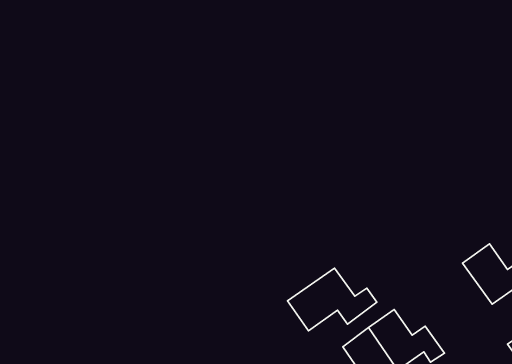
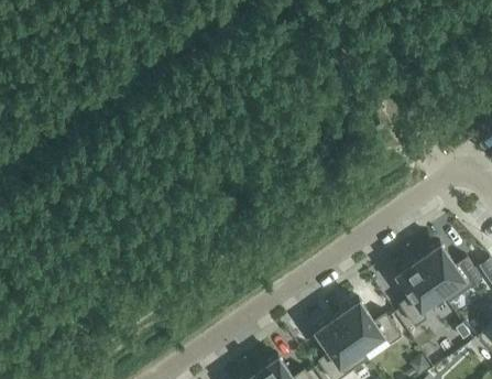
building: none -> [395,261,442,328]
building: [288,268,377,331] -> none

